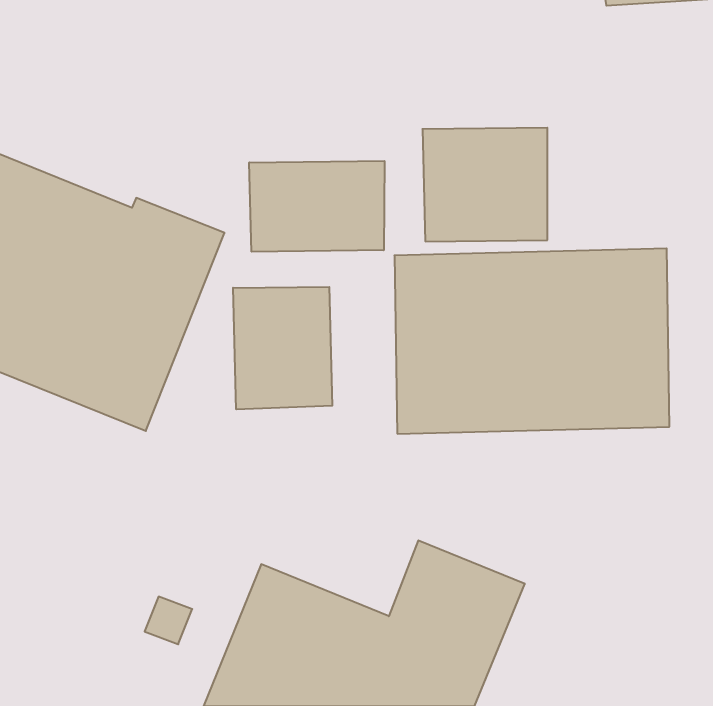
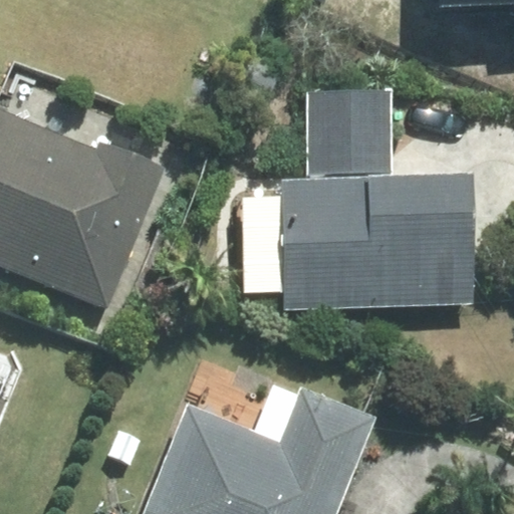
building: [249,161,384,252] -> none
building: [233,287,332,409] -> none

